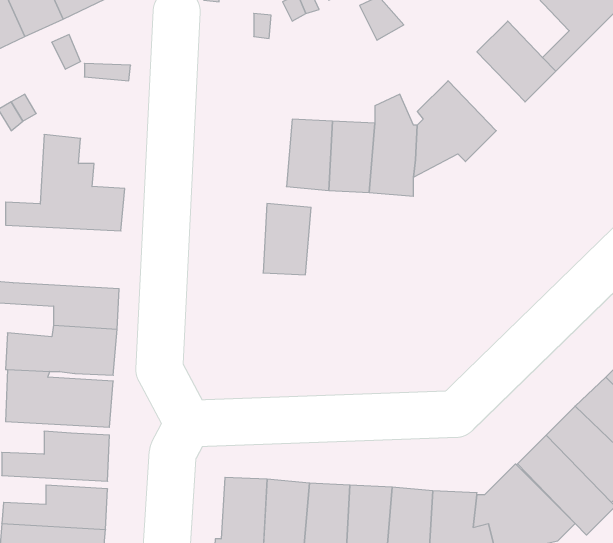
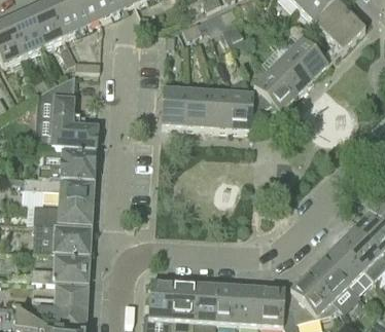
building: none -> [270,53,311,96]
building: [263,204,311,275] -> [161,87,186,125]
building: none -> [37,153,95,180]

